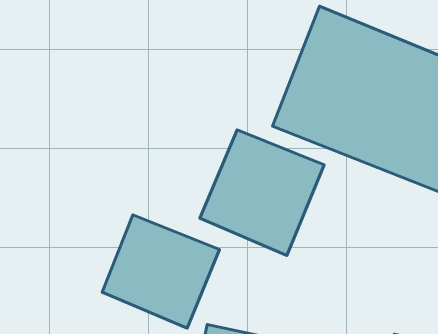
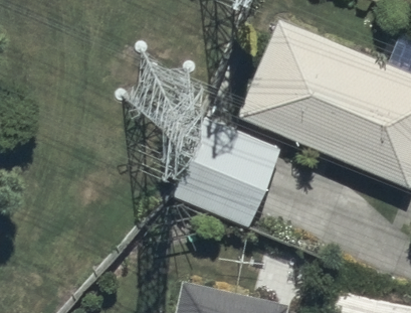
building: [102,215,220,328] -> none

